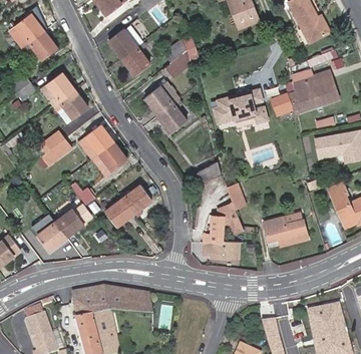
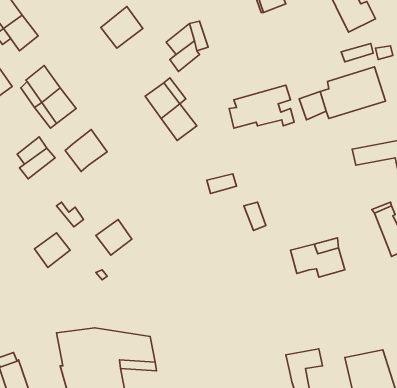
building: [121,41,149,75] -> none
building: [92,141,126,174] -> none
building: [122,184,151,213] -> none
building: [202,209,243,259] -> none
building: [38,221,65,248] -> none

